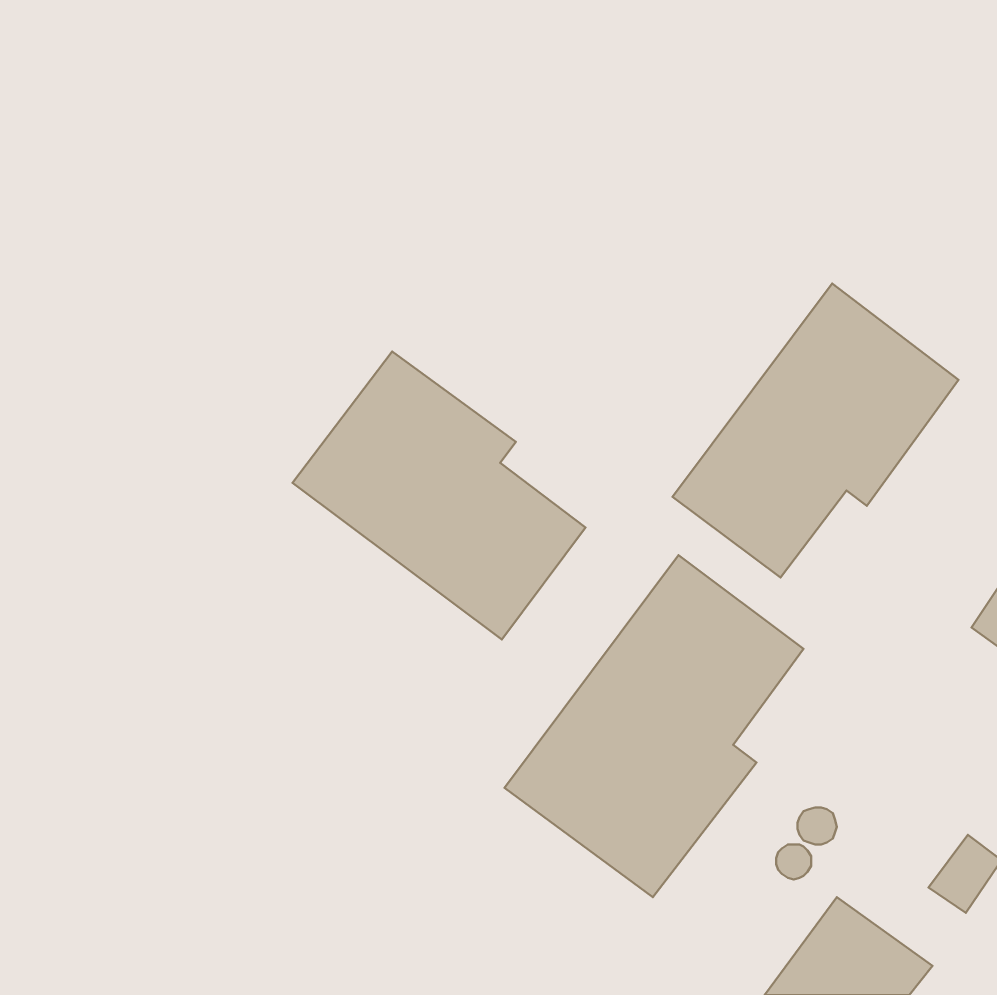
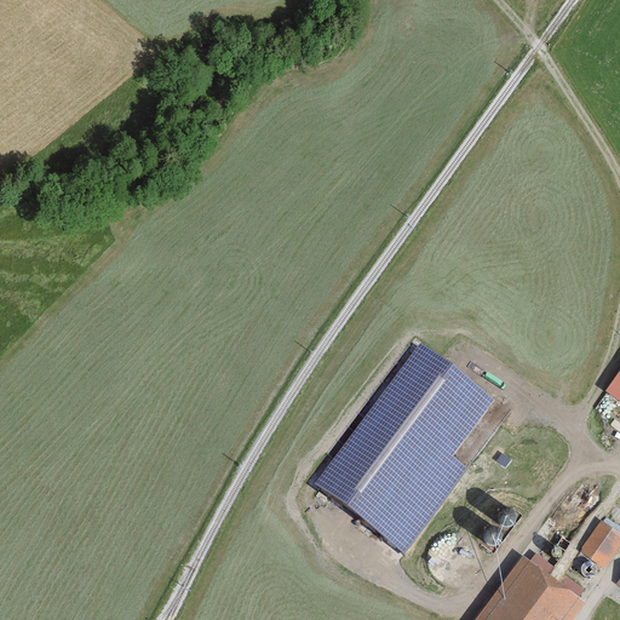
building: [673,284,959,577] -> none
building: [292,352,585,640] -> none

